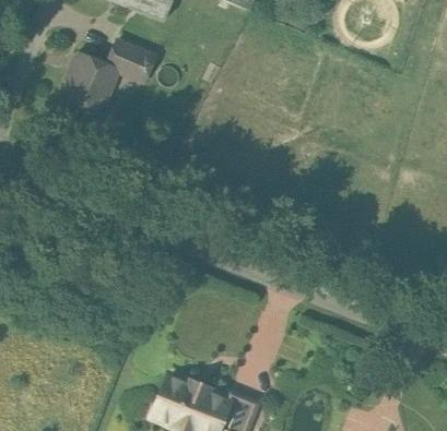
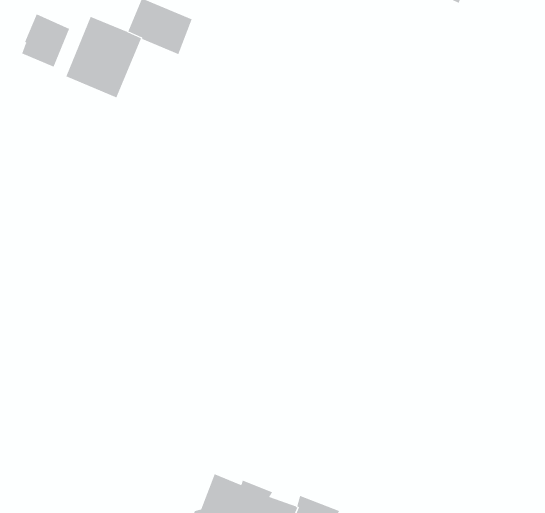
building: none -> [21,14,70,68]

